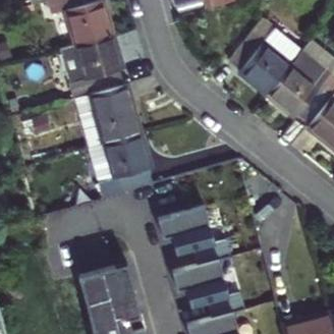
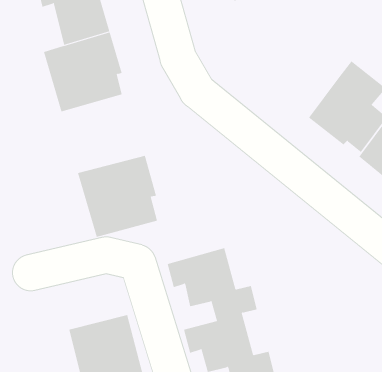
building: [233,22,295,101] -> none
building: [71,81,140,146] -> none

